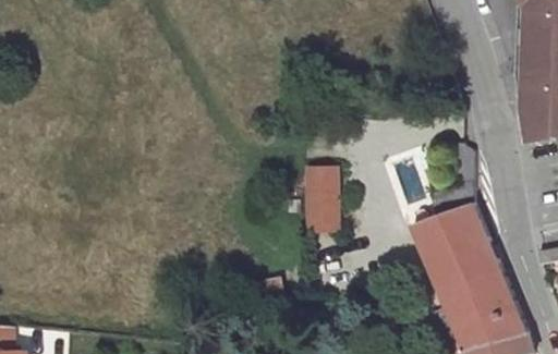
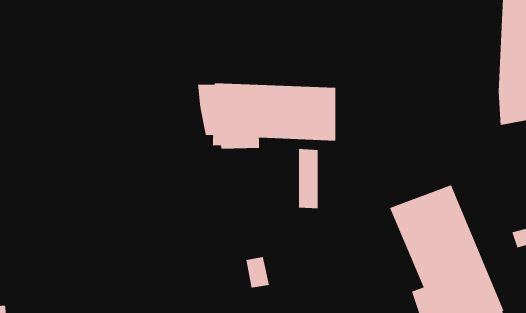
building: none -> [198,83,336,150]

